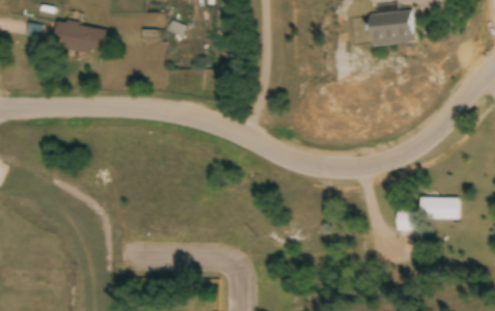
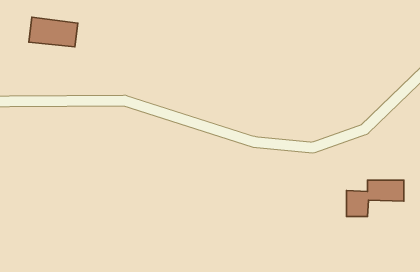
building: [367,10,412,43] -> none

